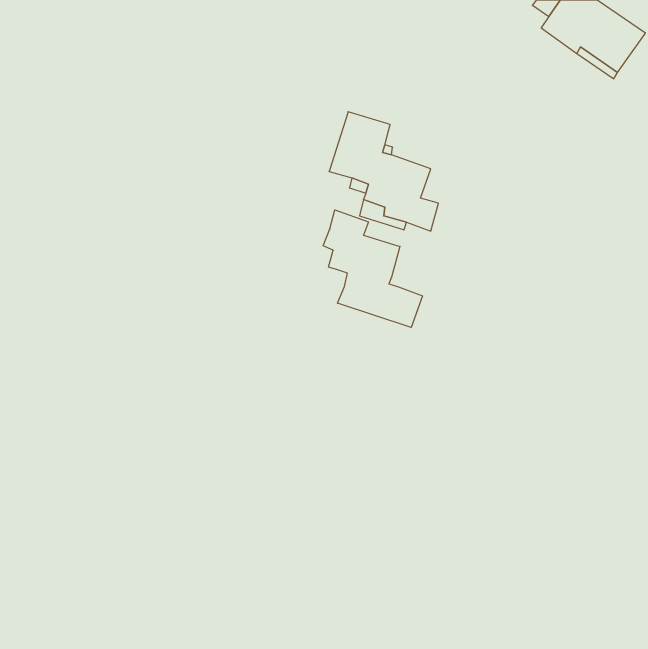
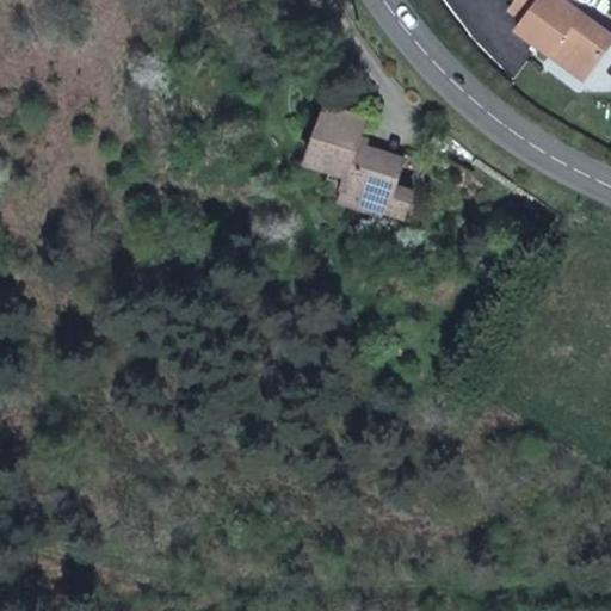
building: [323,210,423,327] -> none

